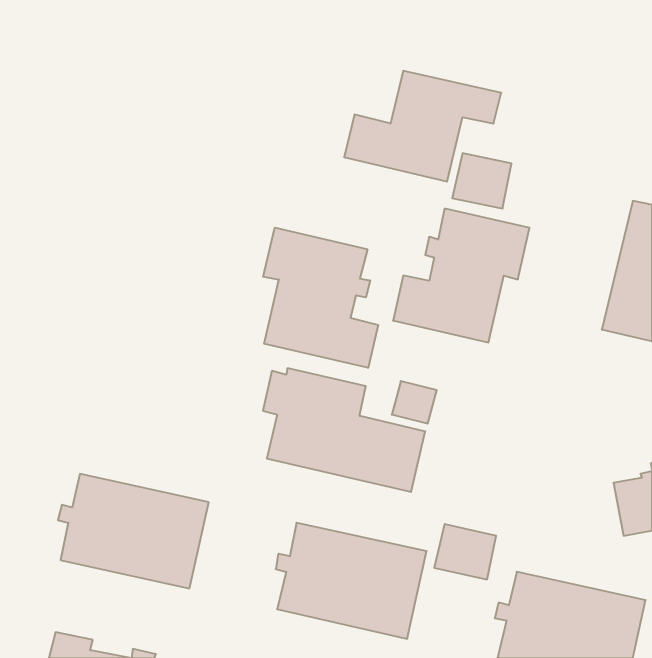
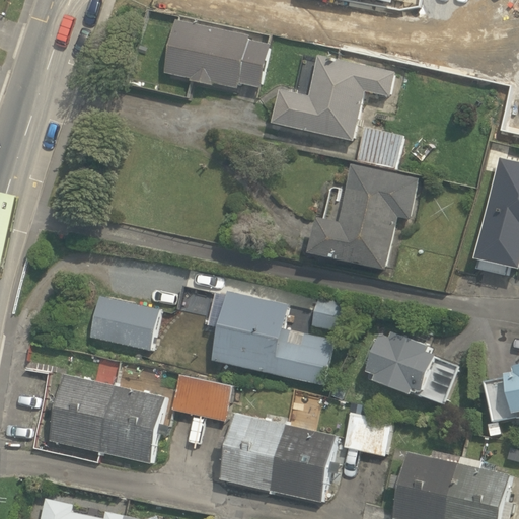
building: none -> [162,21,269,90]
building: [263,228,378,368] -> none
building: none -> [88,295,158,350]
building: none -> [367,330,457,404]
building: none -> [171,373,232,421]

